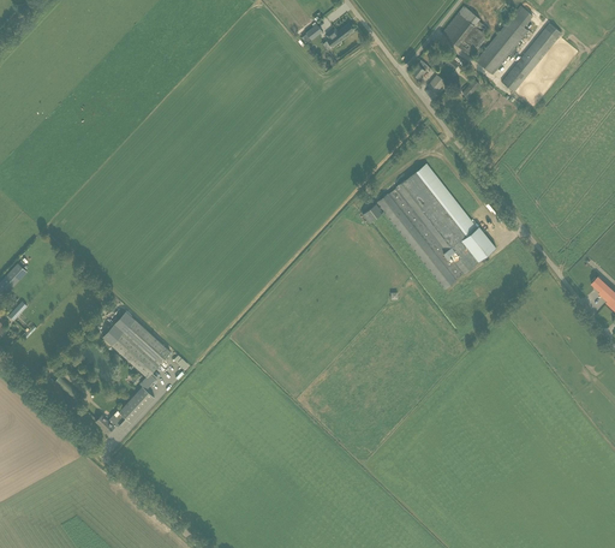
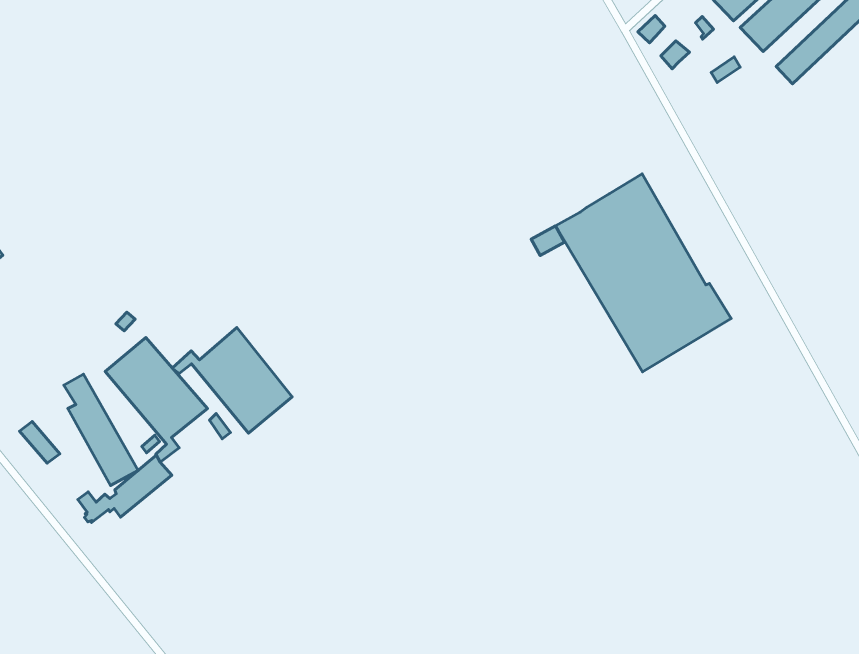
building: none -> [172,328,292,433]
building: none -> [64,374,138,485]

